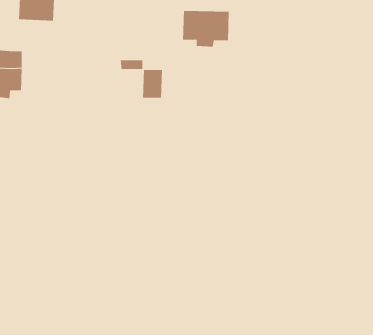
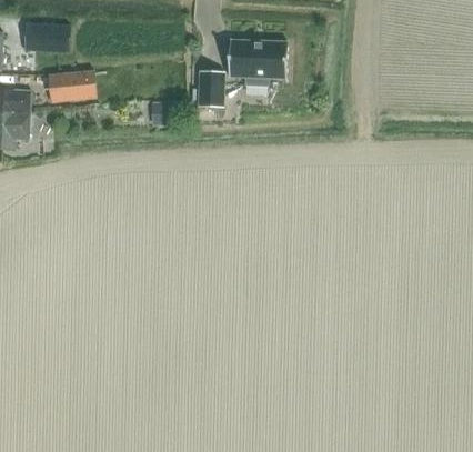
building: none -> [47,70,95,103]
building: [142,70,163,98] -> [198,71,223,107]

